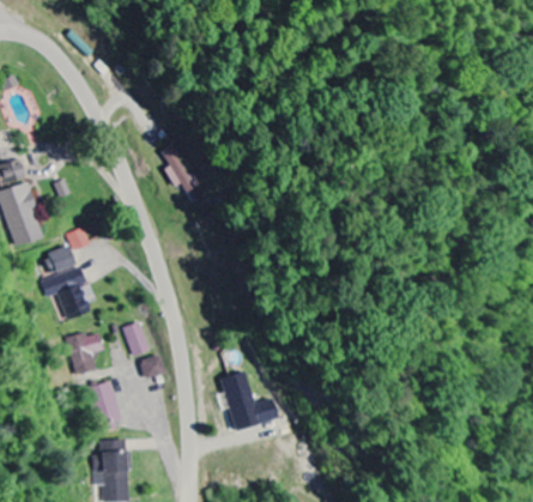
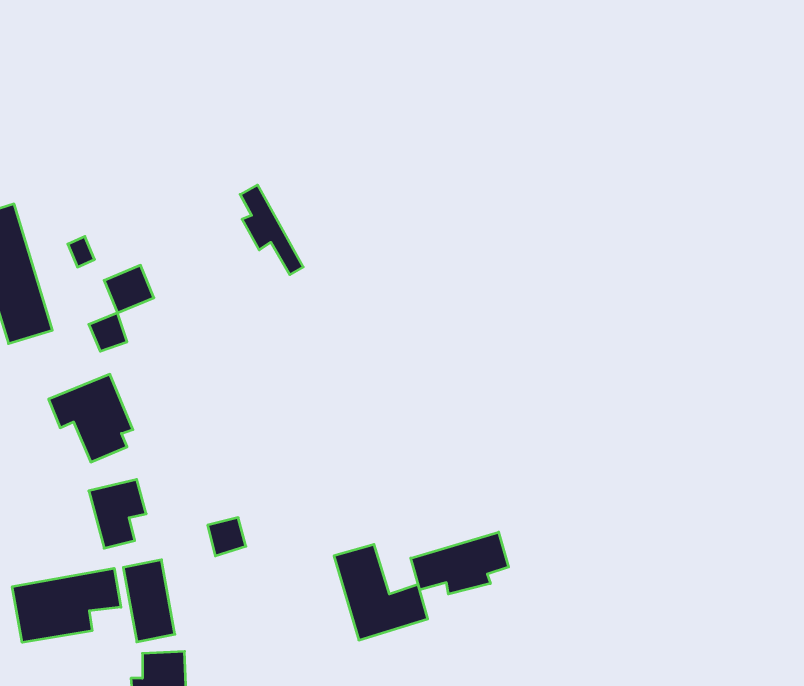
building: [44,244,75,274] -> [104,265,154,313]
building: [125,322,149,355] -> none
building: none -> [411,532,509,594]
building: none -> [12,568,121,642]

